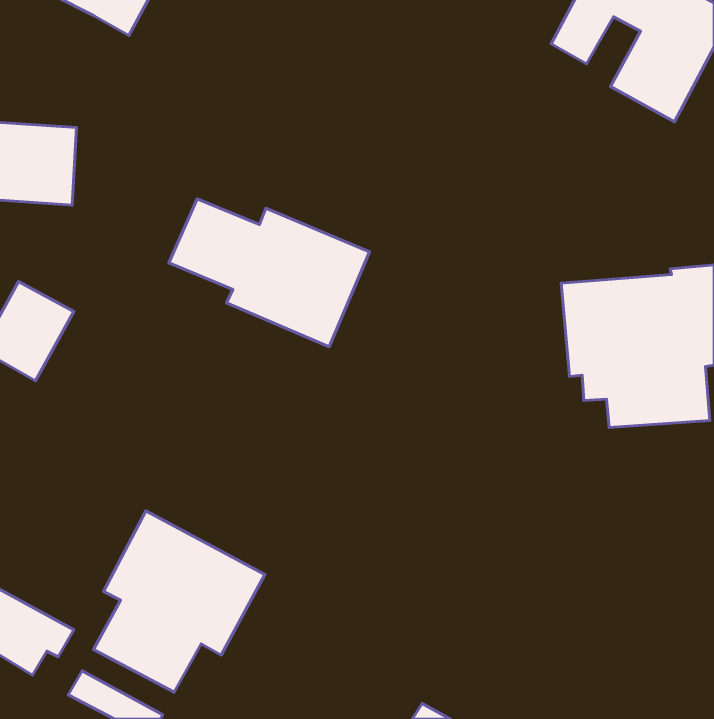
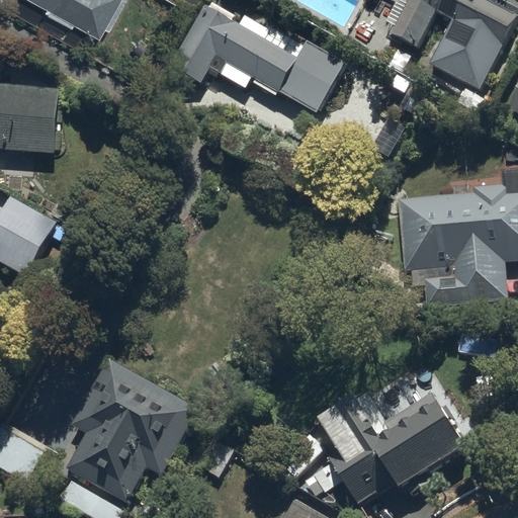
building: none -> [169,4,342,110]
building: [169,199,370,347] -> none
building: none -> [323,394,464,503]

